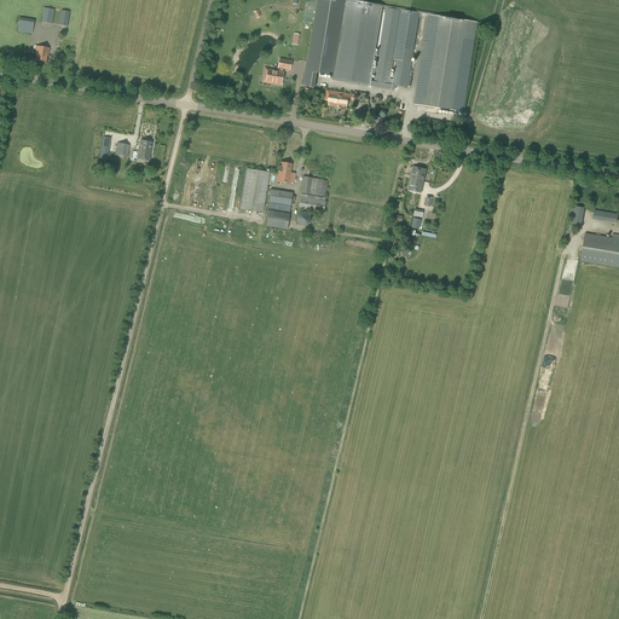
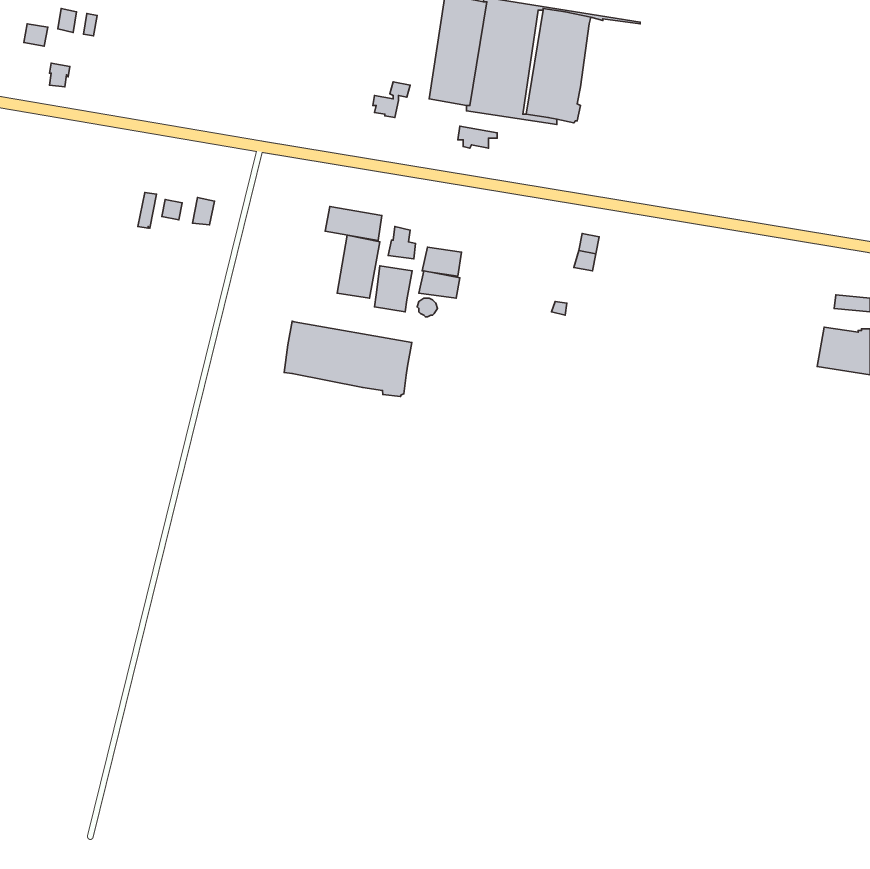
building: [413,13,478,111] -> none
building: none -> [325,207,382,241]
building: none -> [284,321,412,397]

